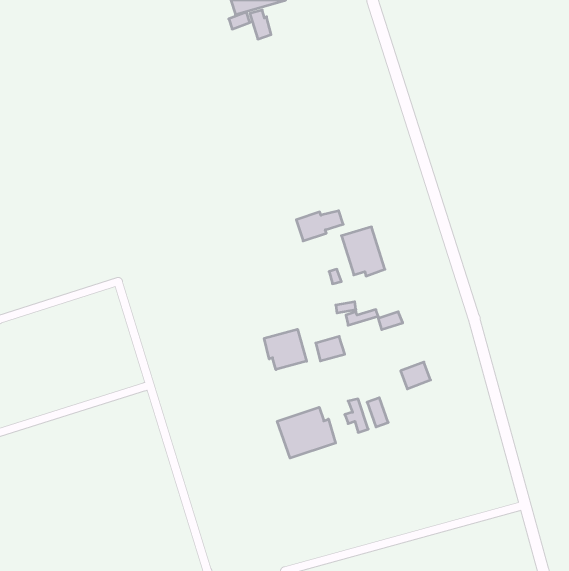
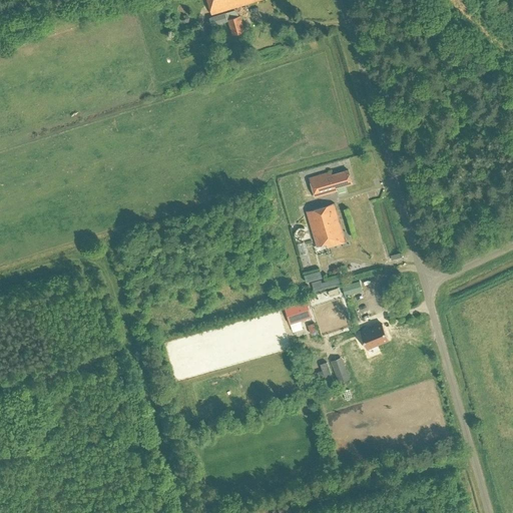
building: [296,211,343,241] -> [310,170,352,197]
building: [264,329,307,370] -> none
building: [277,407,336,458] -> none

